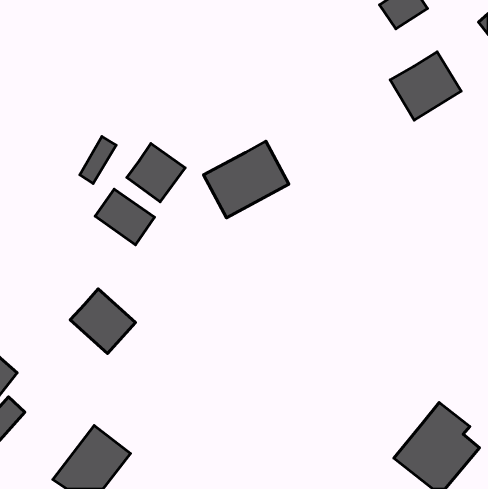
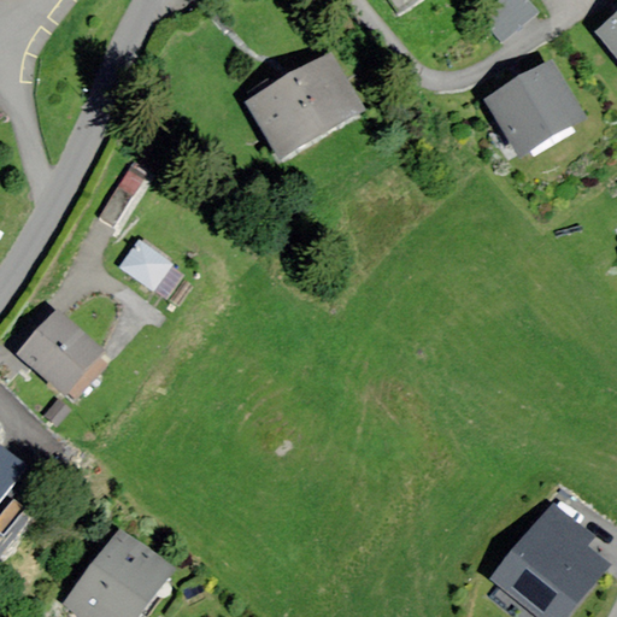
building: [203,141,289,218] -> [249,57,357,153]
building: [127,143,185,202] -> none
building: [70,289,135,353] -> [18,312,100,393]

